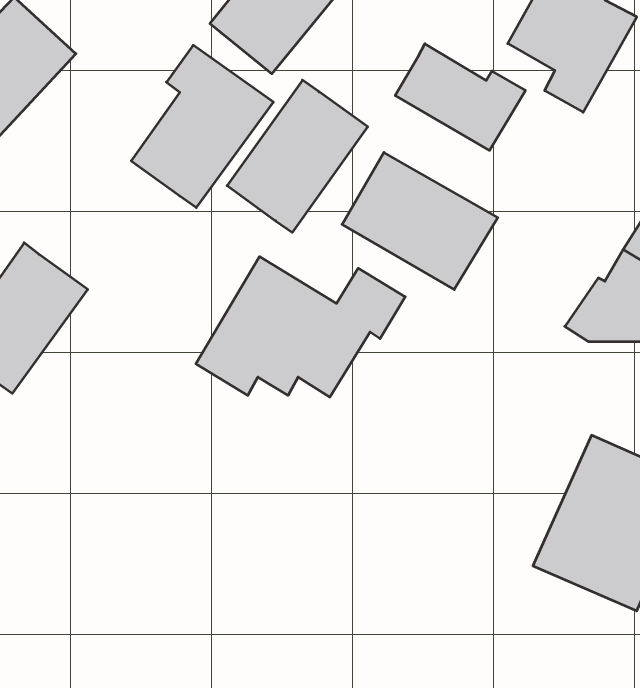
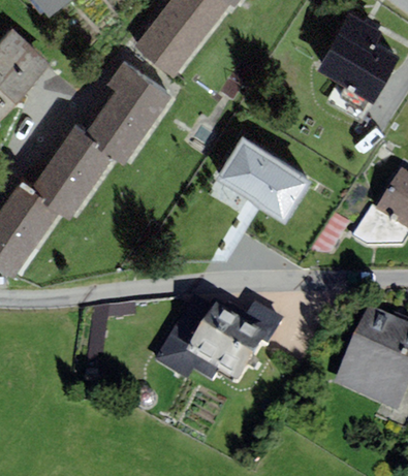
building: [395,44,525,150] -> none
building: [227,80,368,232] -> [28,125,115,219]
building: [196,257,405,397] -> [154,293,283,380]

